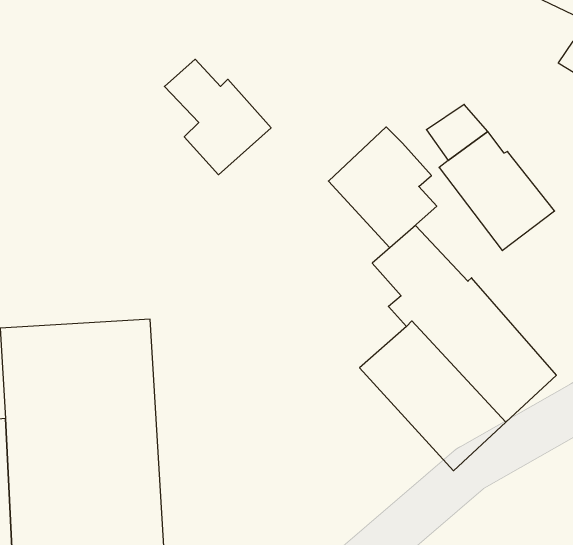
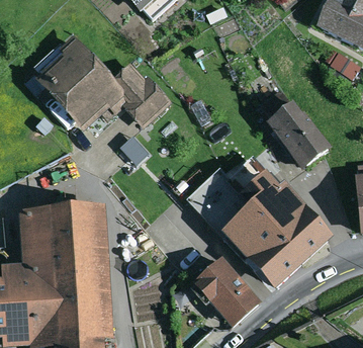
building: none -> [35,33,132,129]
building: [328,127,437,248] -> [188,166,249,234]
building: none -> [193,256,262,327]

